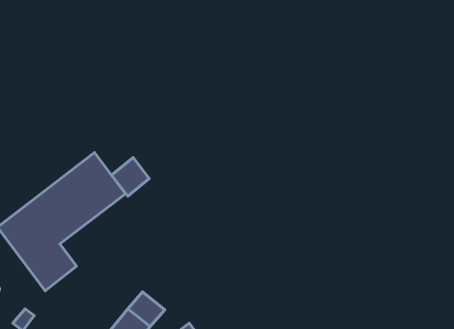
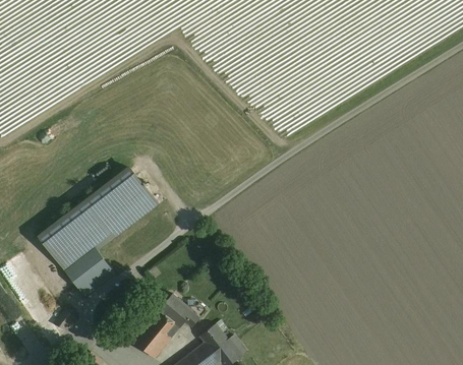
building: [112,158,149,196] -> none

